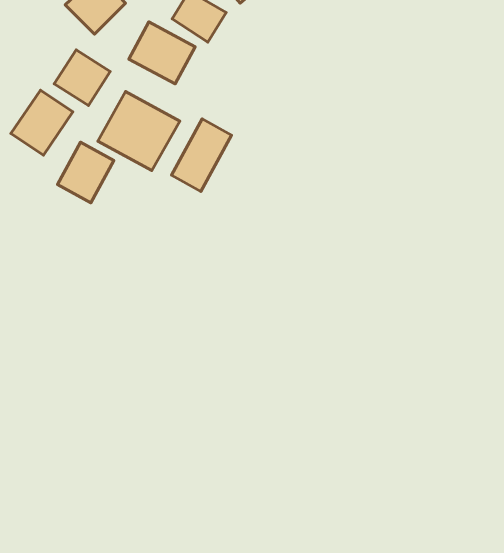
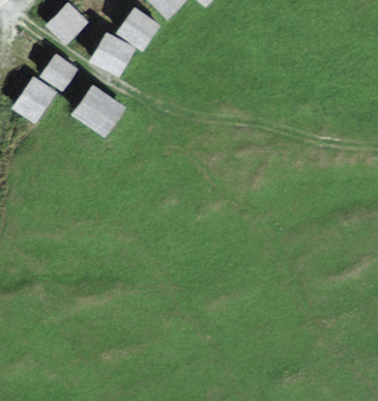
building: [172,119,231,191] -> none
building: [58,142,114,203] -> none

